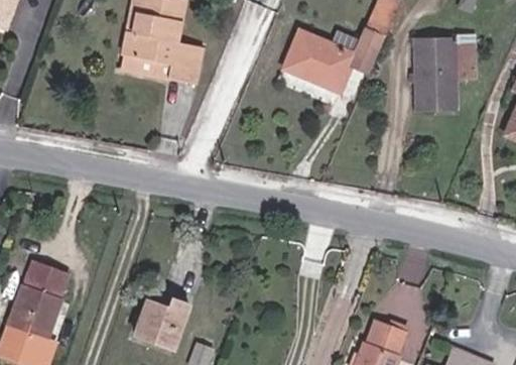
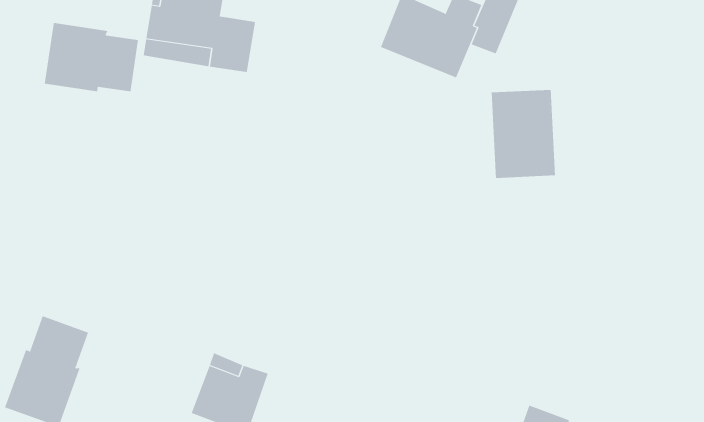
building: [412,40,459,104] -> [491,89,556,178]
building: none -> [44,22,139,92]

